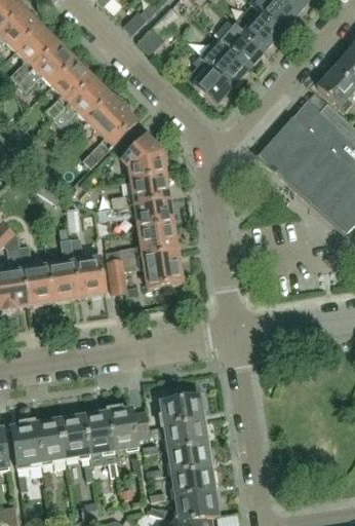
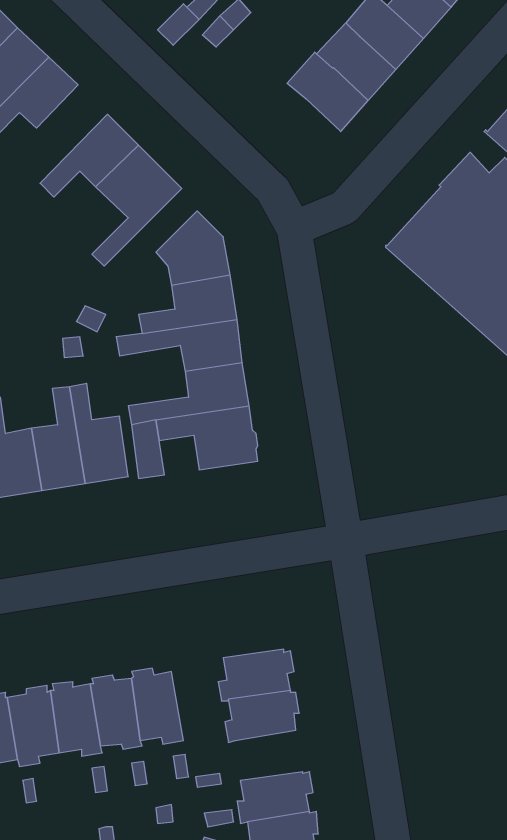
building: [47,59,93,117] -> none
building: [193,67,232,106] -> none
building: [166,443,211,474] -> none

